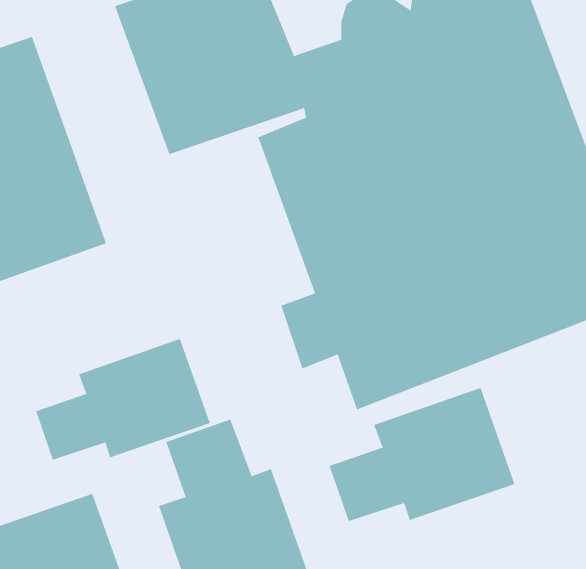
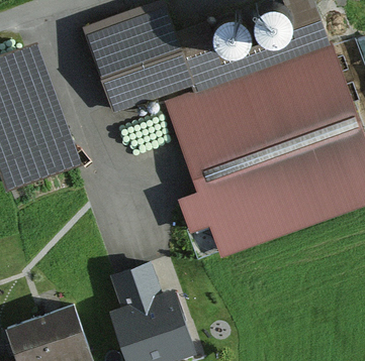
building: [35,338,210,461] -> none
building: [329,387,515,522] -> none

